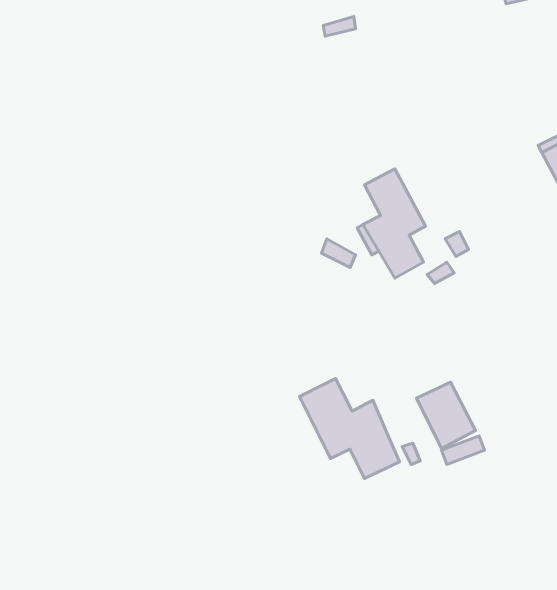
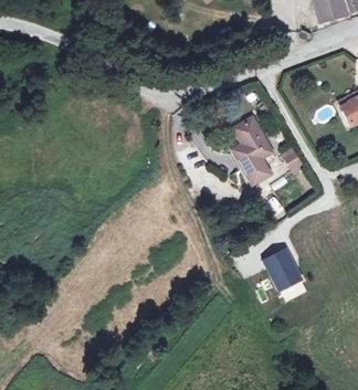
building: [299,378,399,478] -> none

